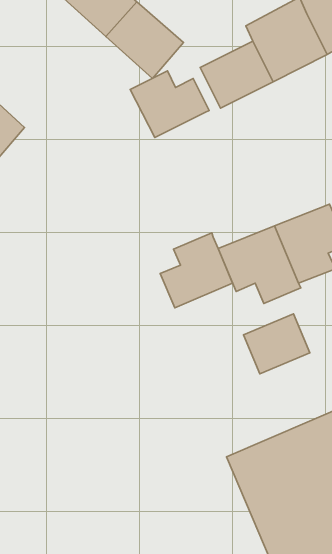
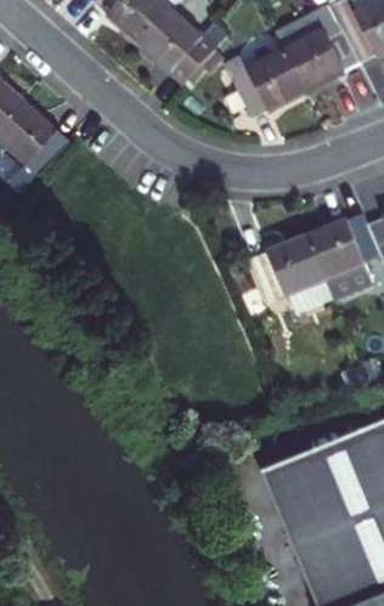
building: [130,71,209,137] -> none
building: [160,233,233,308] -> none
building: [243,314,310,374] -> none

